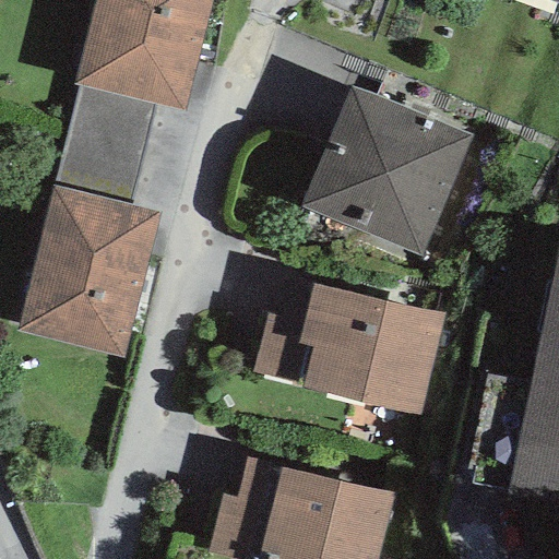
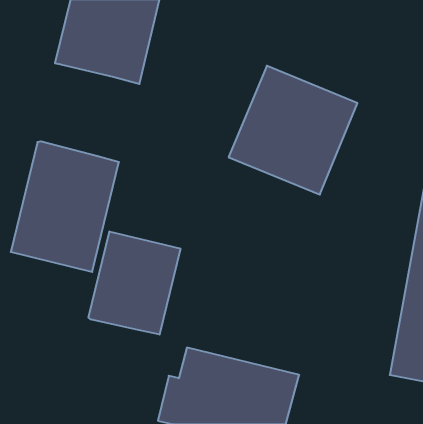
building: [56,84,153,205] -> none
building: [253,276,445,415] -> none
building: none -> [89,231,180,335]

